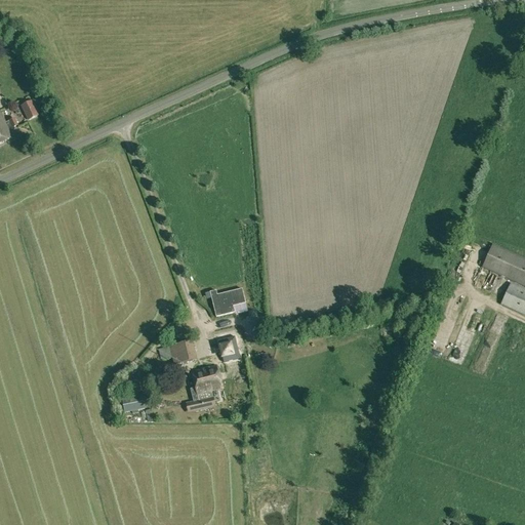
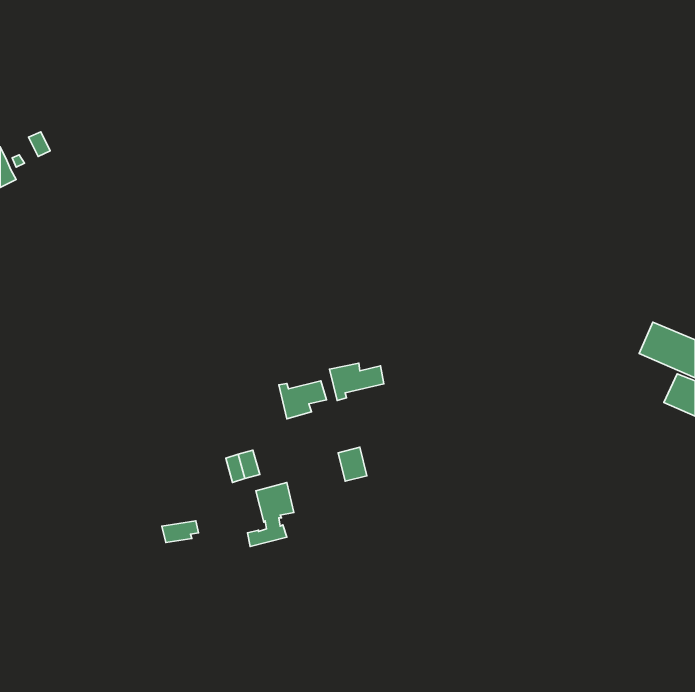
building: none -> [330,363,384,401]
building: [218,335,240,361] -> [338,447,367,481]

